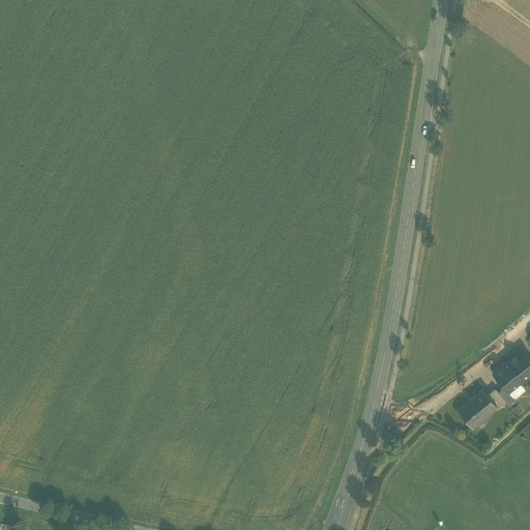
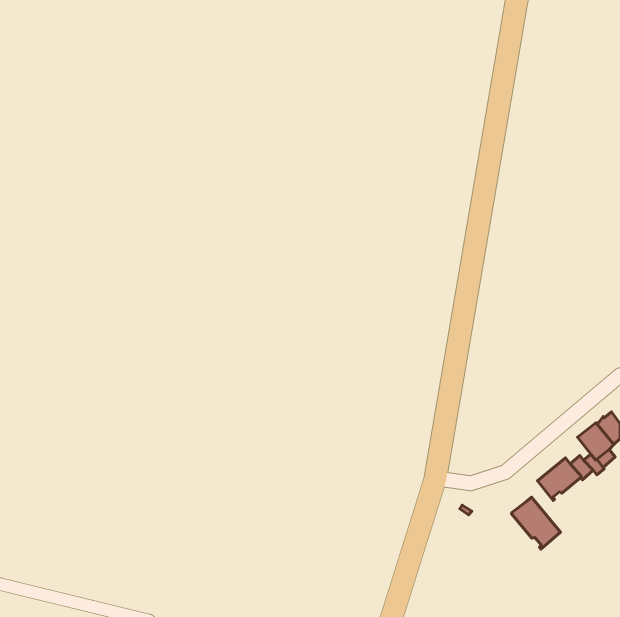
building: none -> [512,497,561,549]

